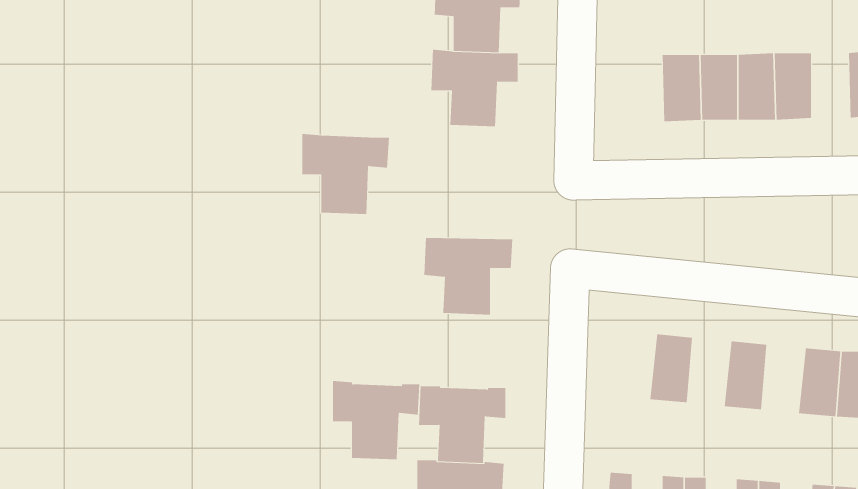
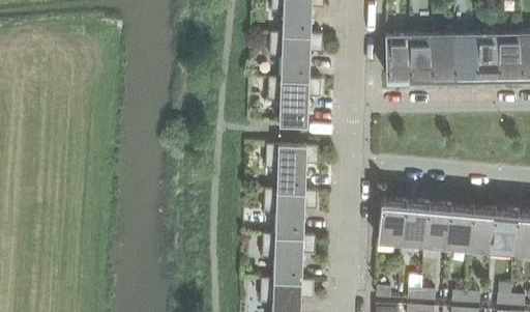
building: none -> [498,36,521,76]
building: none -> [385,37,409,78]
building: [302,134,390,215] -> [268,79,321,127]
building: none -> [378,203,405,245]
building: none -> [423,207,449,249]
building: none -> [468,211,494,253]
building: [332,381,420,460] -> [264,191,317,238]

